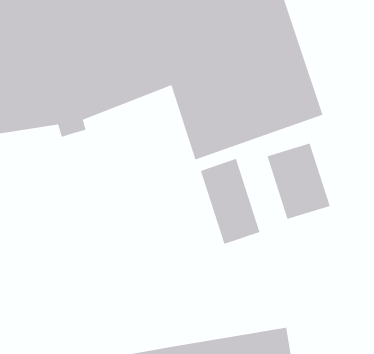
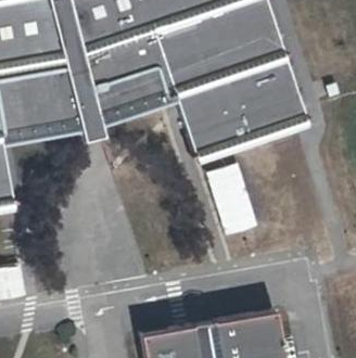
building: [266,143,331,220] -> none

